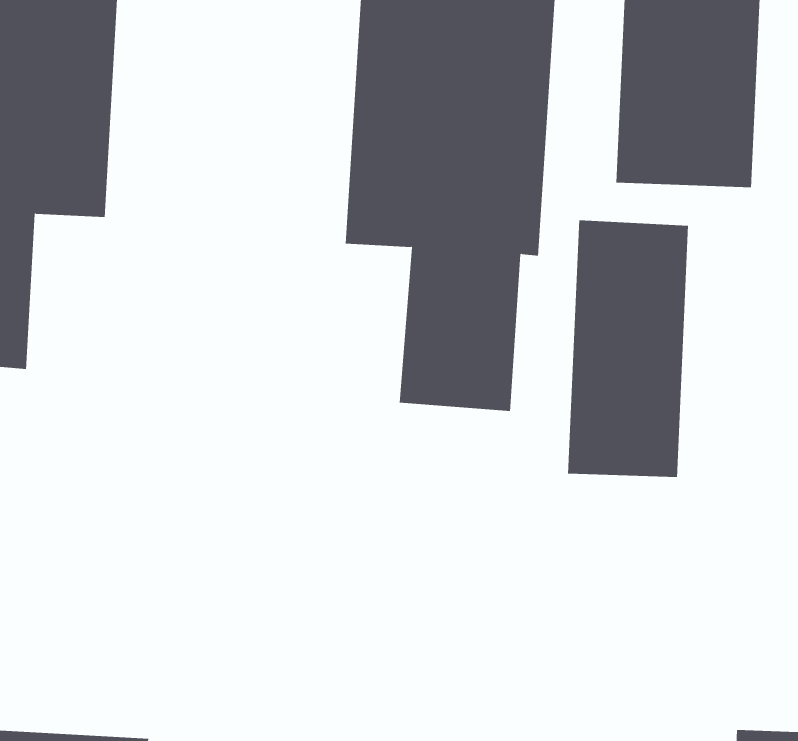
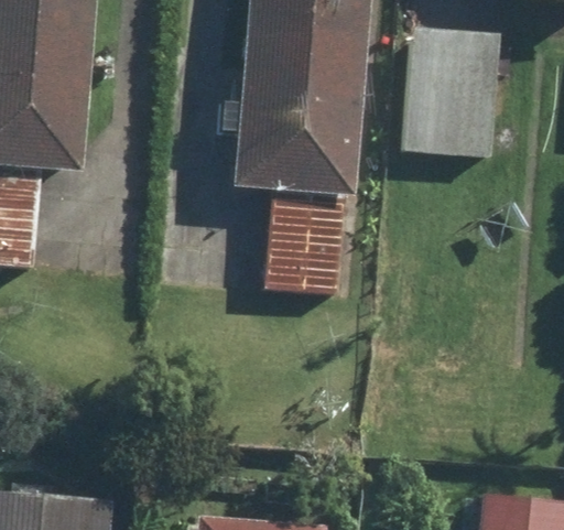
building: [568,219,688,478] -> none

